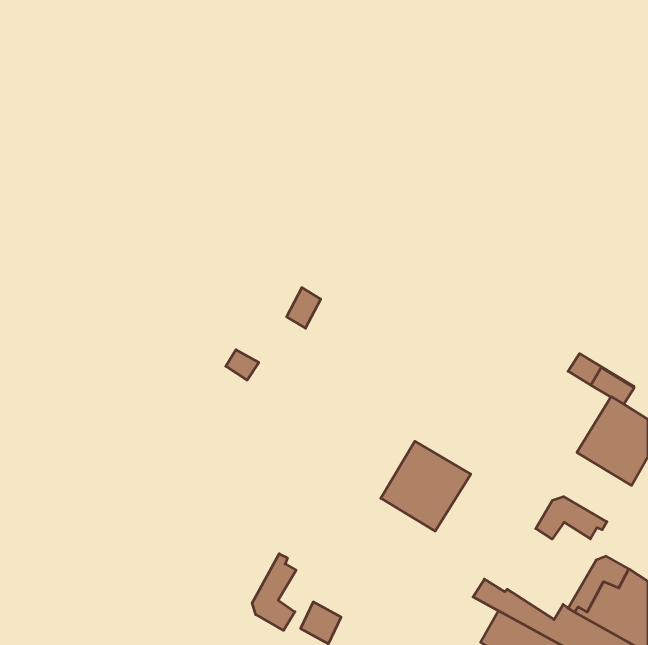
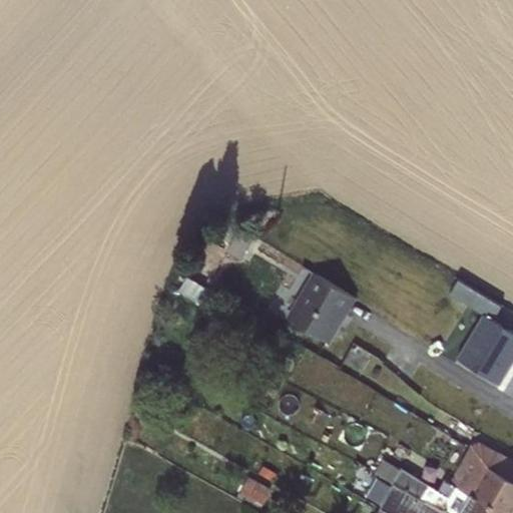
building: [381,441,471,531] -> [286,274,357,345]
building: [536,497,607,539] -> none
building: [252,554,296,630] -> none

